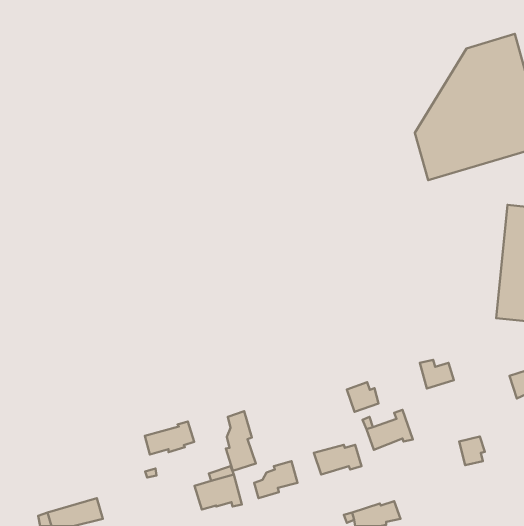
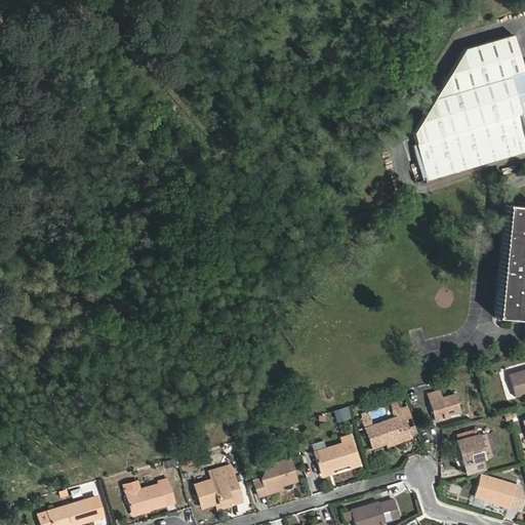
building: [420,360,454,389] -> [429,391,462,419]
building: [347,382,378,412] -> none
building: [226,411,256,471] -> none
building: [145,421,194,454] -> [127,479,176,512]
building: none -> [476,475,517,507]

